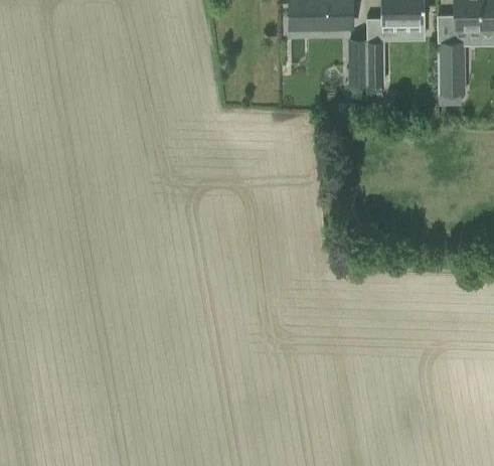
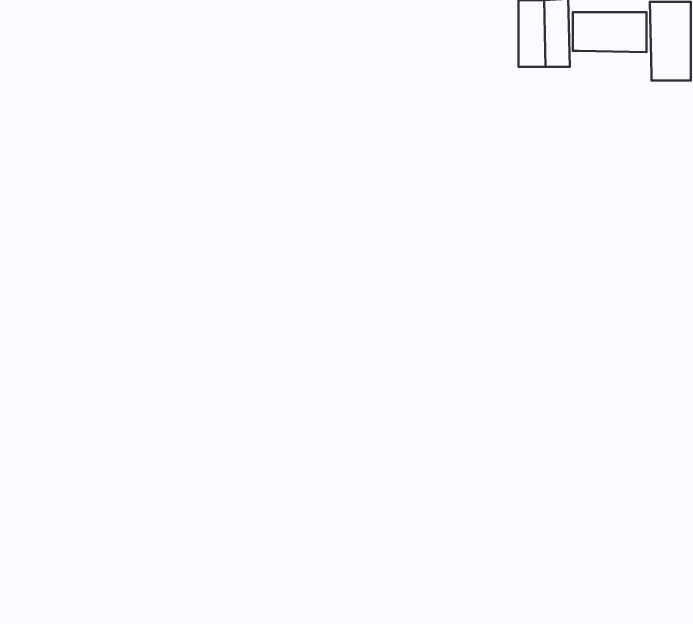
building: none -> [573,12,647,52]

